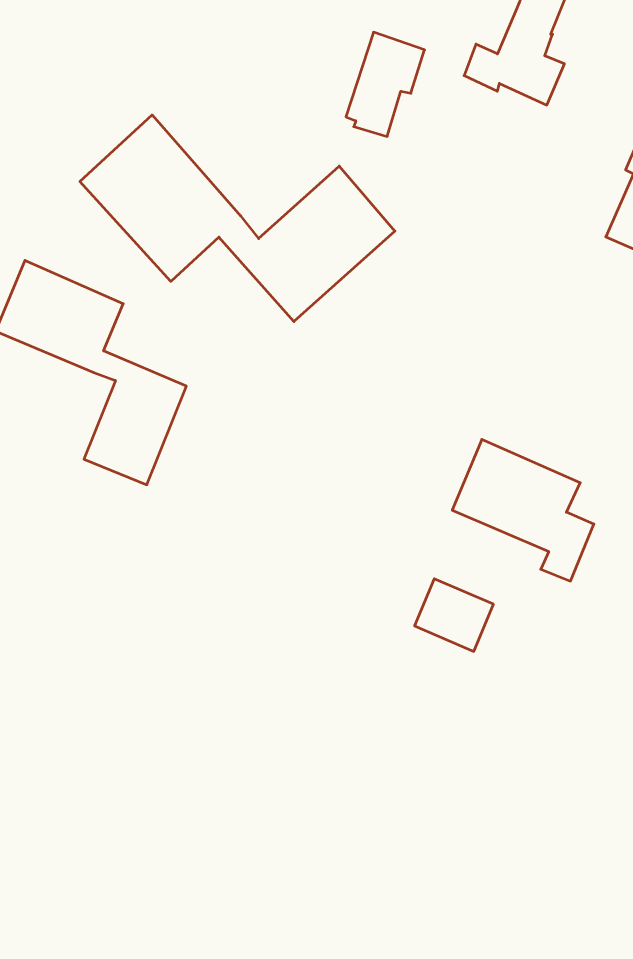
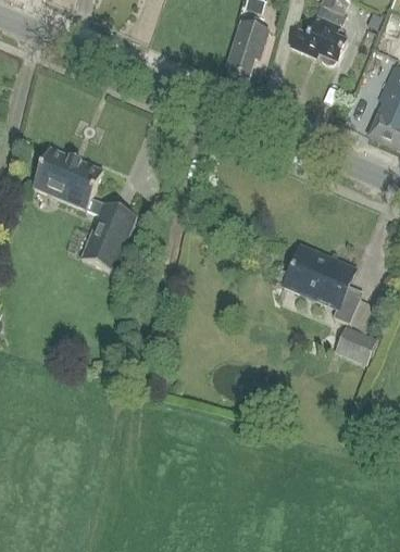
building: [80,115,395,322] -> none
building: [415,579,493,651] -> [335,325,378,365]

